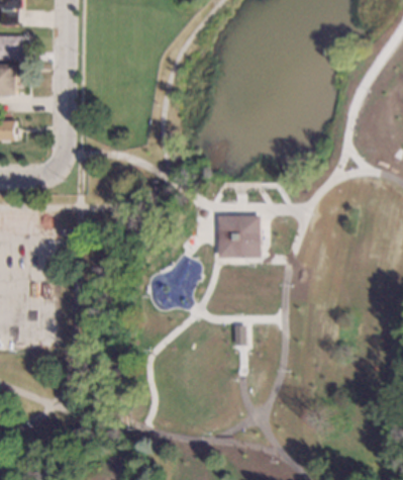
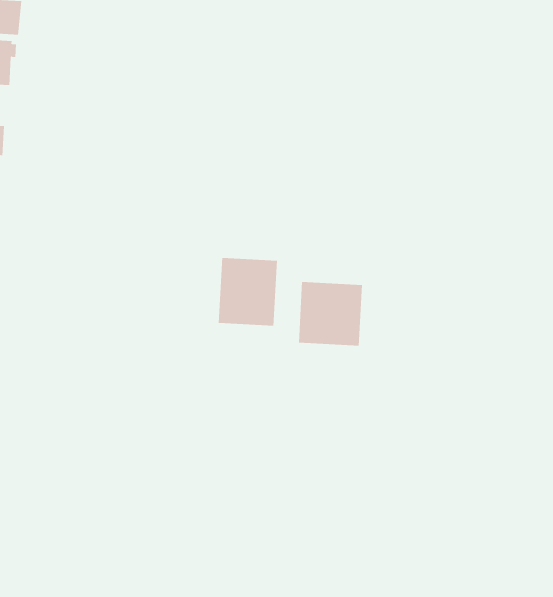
building: none -> [218,257,278,327]

